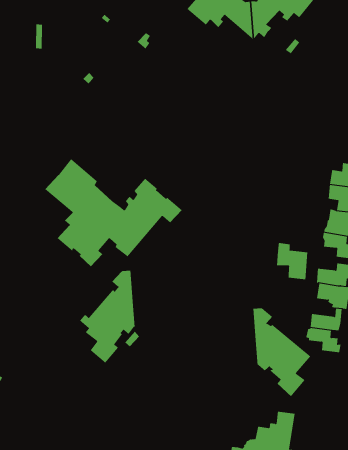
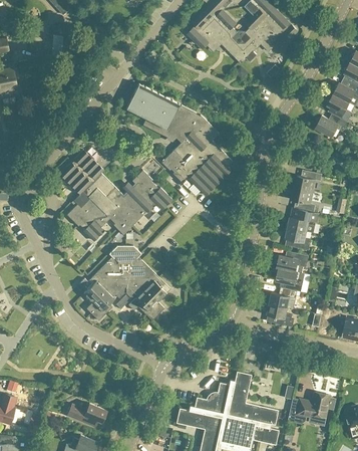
building: none -> [126,83,232,195]
building: [277,242,308,280] -> none
building: [253,308,311,397] -> [125,245,170,320]

